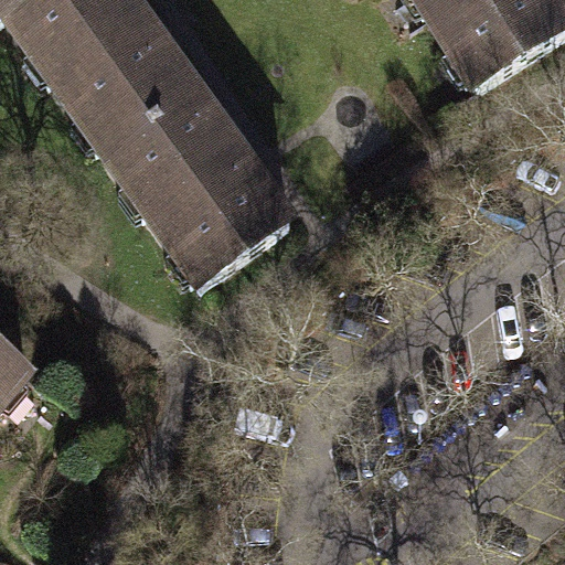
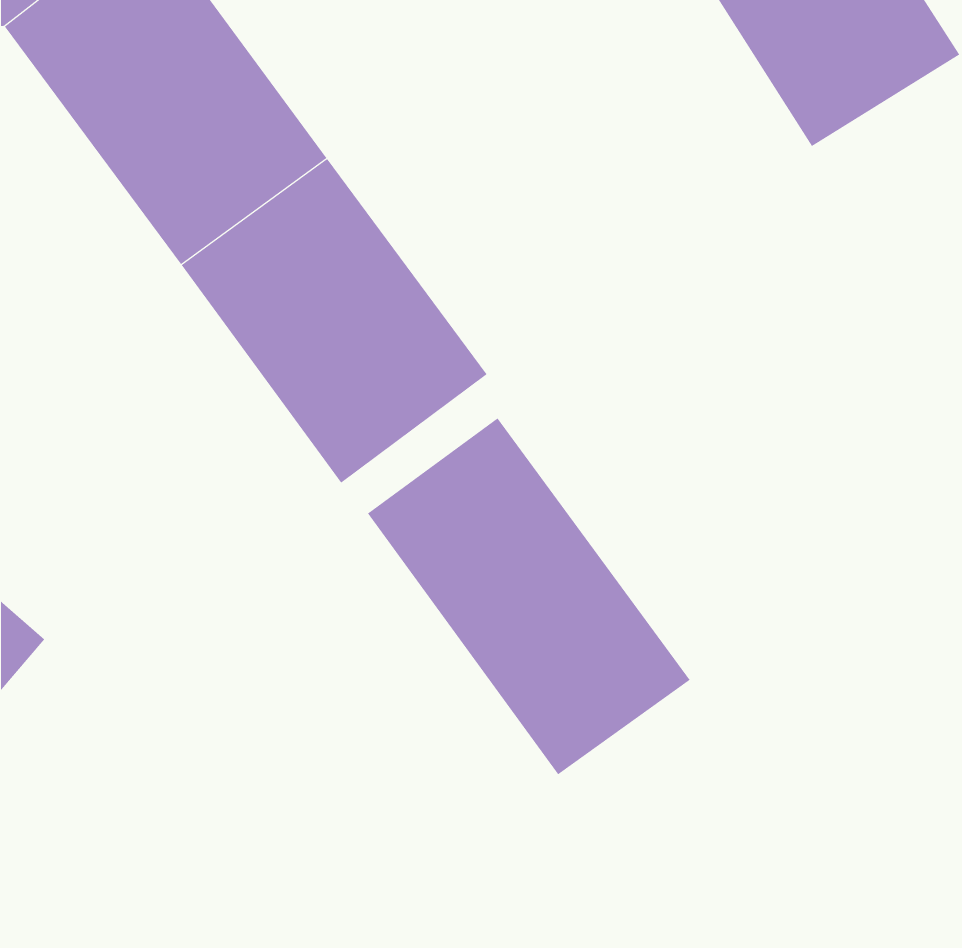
building: none -> [367,417,690,775]

